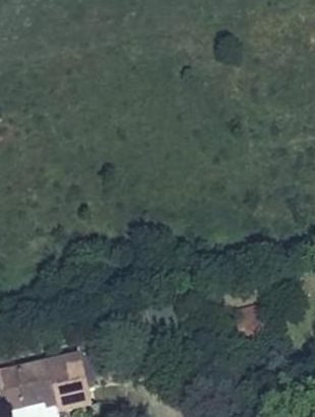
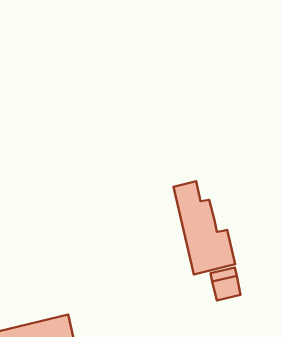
building: none -> [174,181,235,274]

